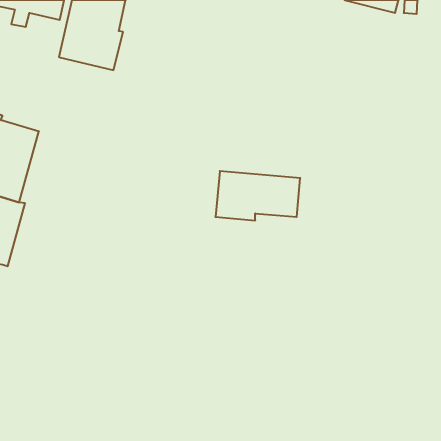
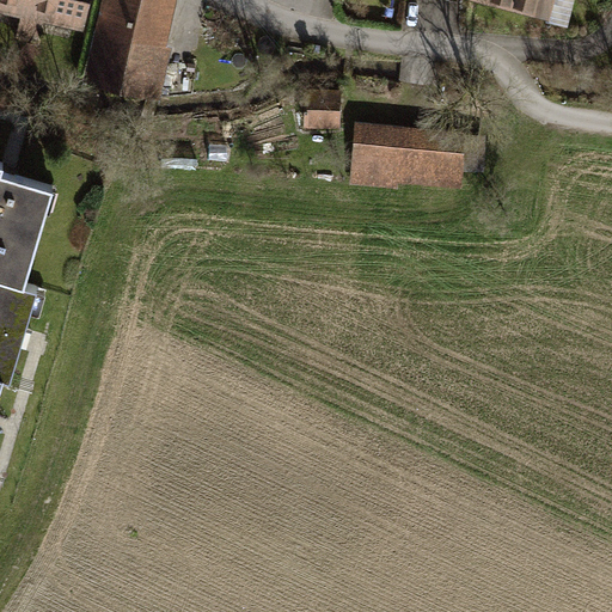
building: none -> [302,91,339,126]
building: [215,171,300,220] -> [348,121,465,189]

